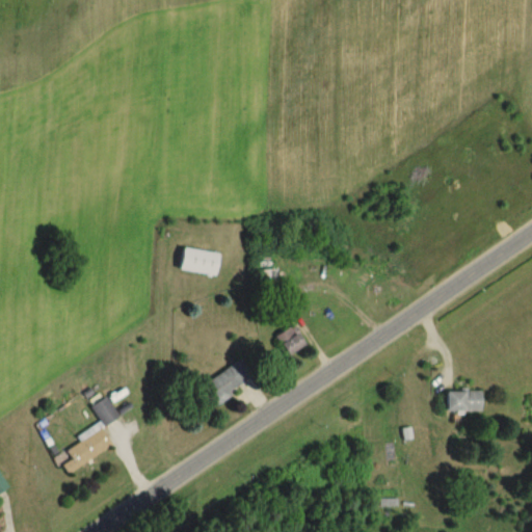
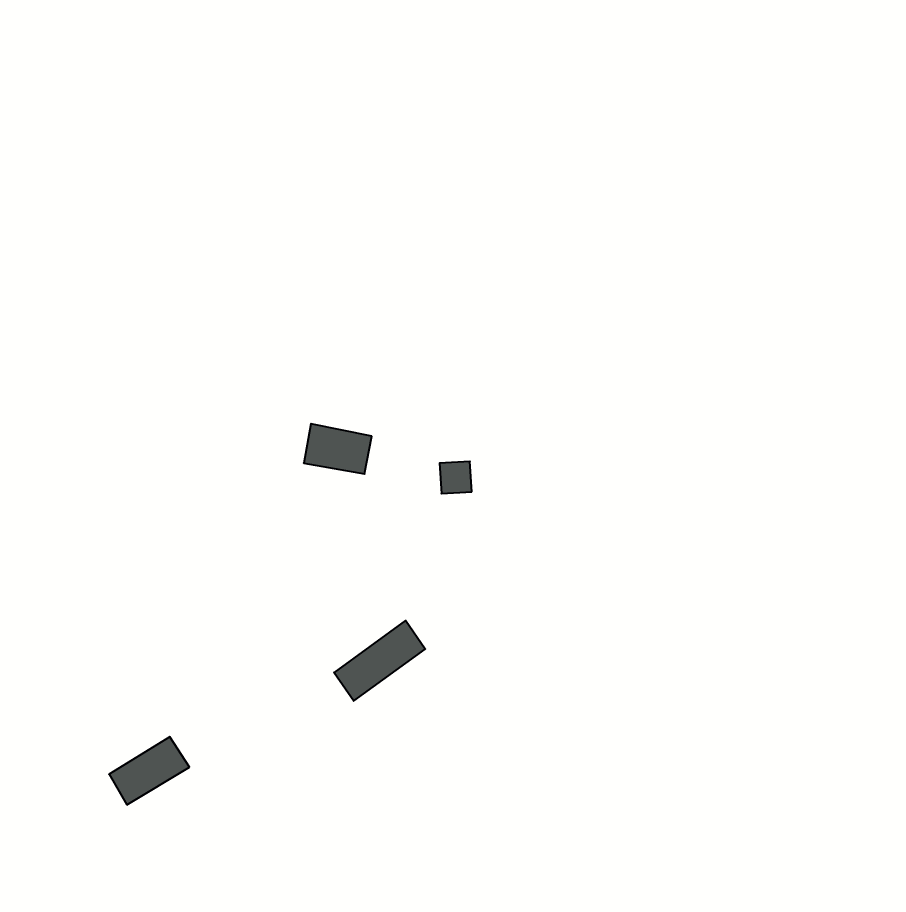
building: [276,324,308,355] -> none
building: [448,391,482,410] -> none
building: [94,396,121,426] -> none

